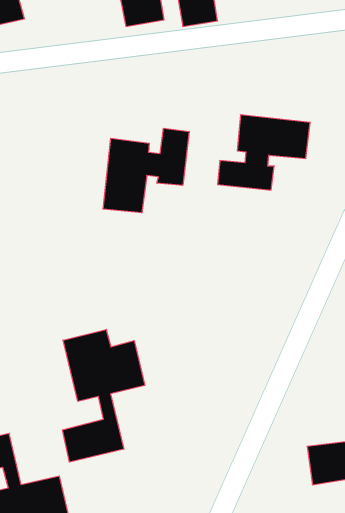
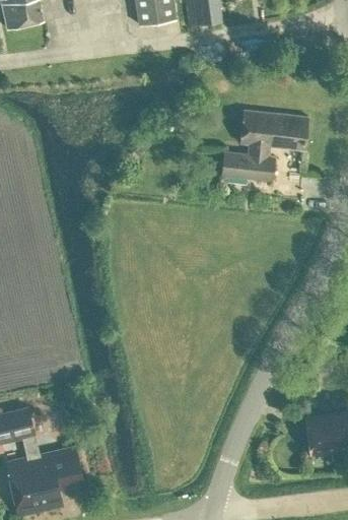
building: [103,128,189,213] -> none
building: [63,329,145,462] -> none

